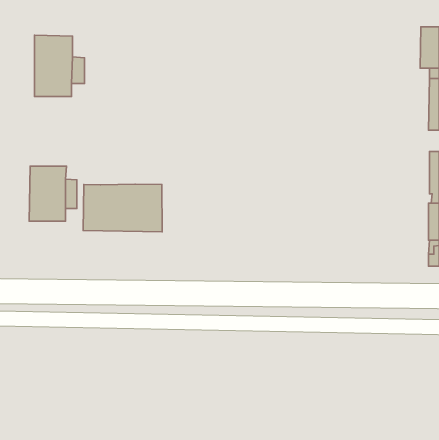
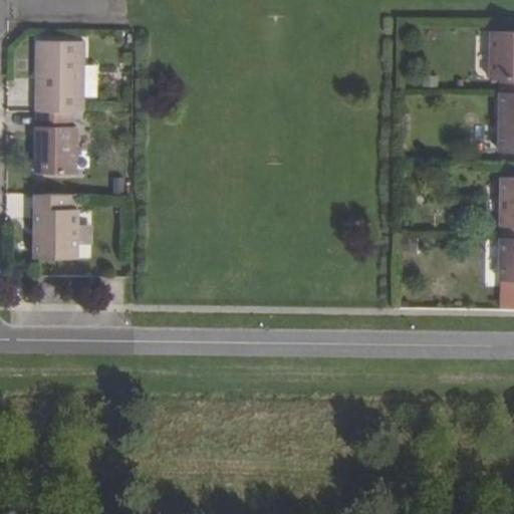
building: none -> [39,112,83,175]
building: [83,184,162,232] -> none

